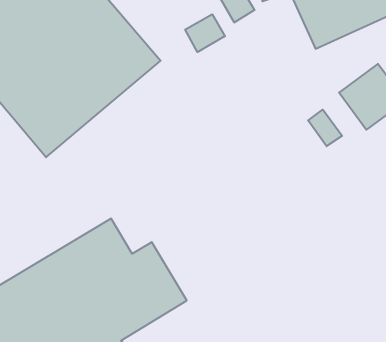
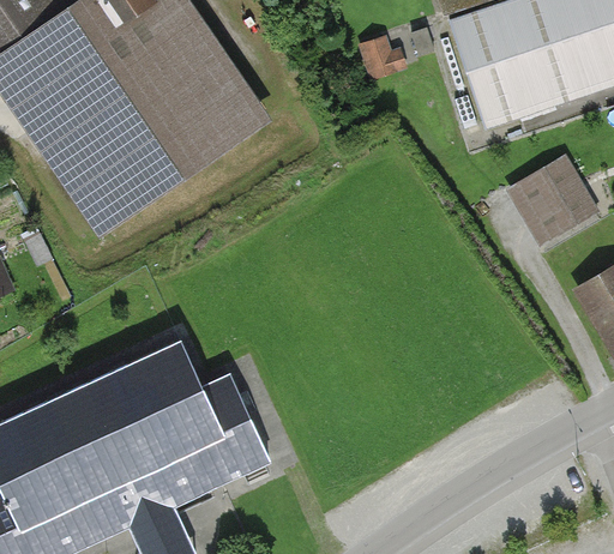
building: [185,14,225,52] -> none
building: [308,110,342,146] -> none

